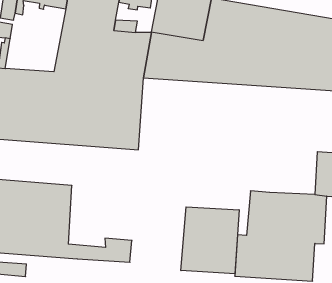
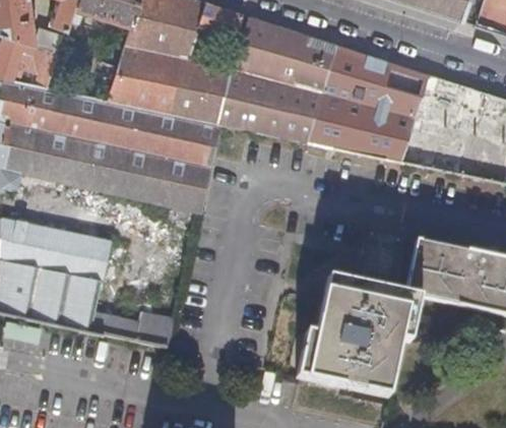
building: [181,207,239,274] -> none

